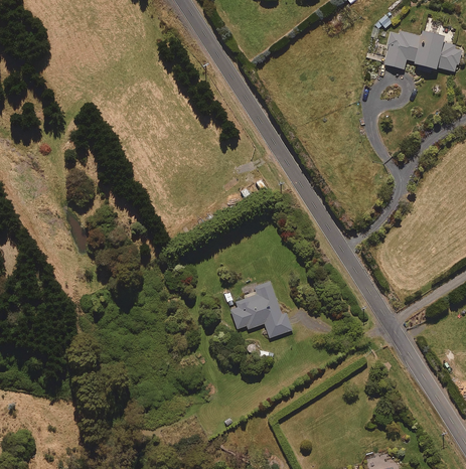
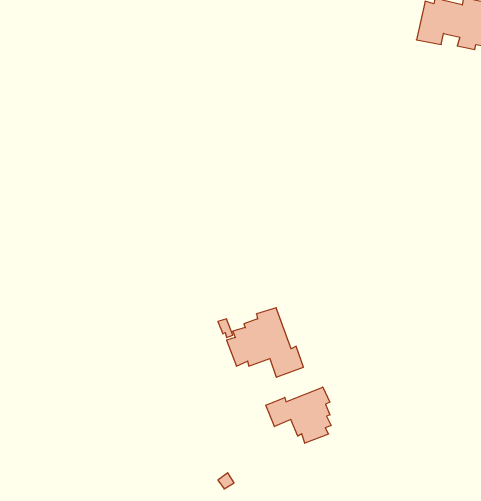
building: none -> [266,387,331,443]

